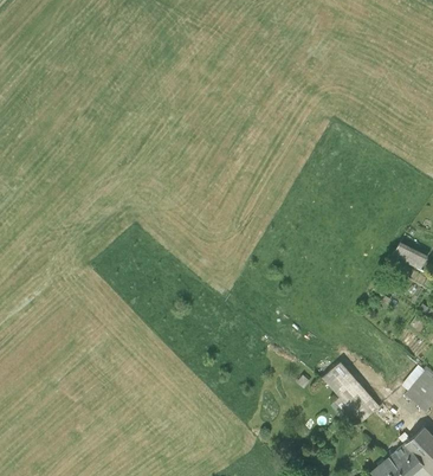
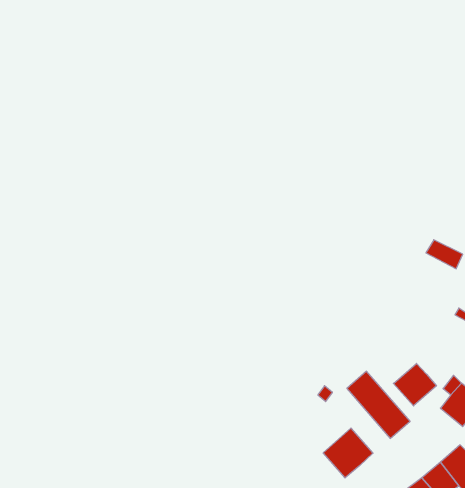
building: none -> [393,363,436,406]
building: none -> [323,428,373,478]

